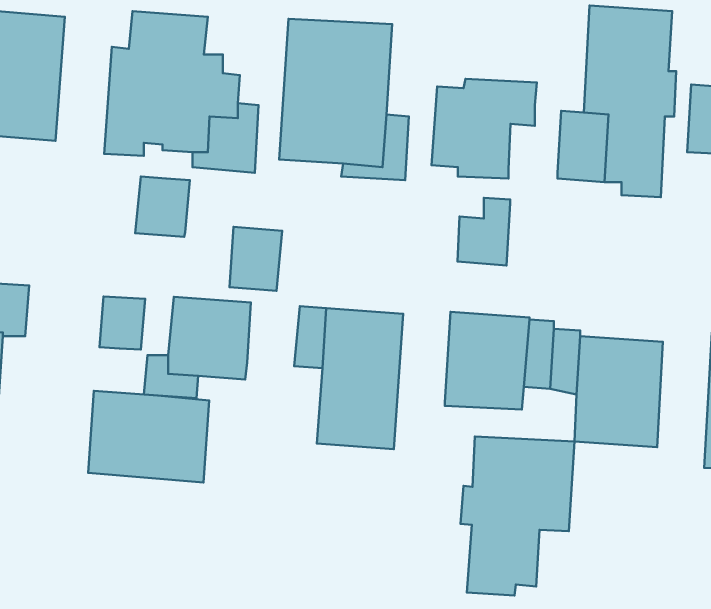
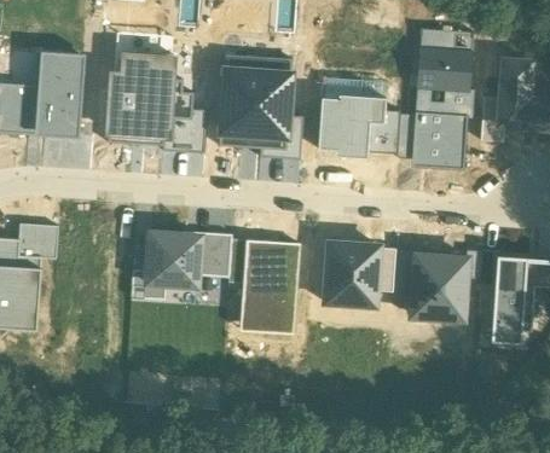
building: [135,176,190,237] -> none
building: [458,198,510,265] -> [366,110,400,153]
building: [230,227,282,291] -> [198,237,232,278]
building: [100,296,145,350] -> none
building: [88,391,209,482] -> none
building: [461,436,574,596] -> none

